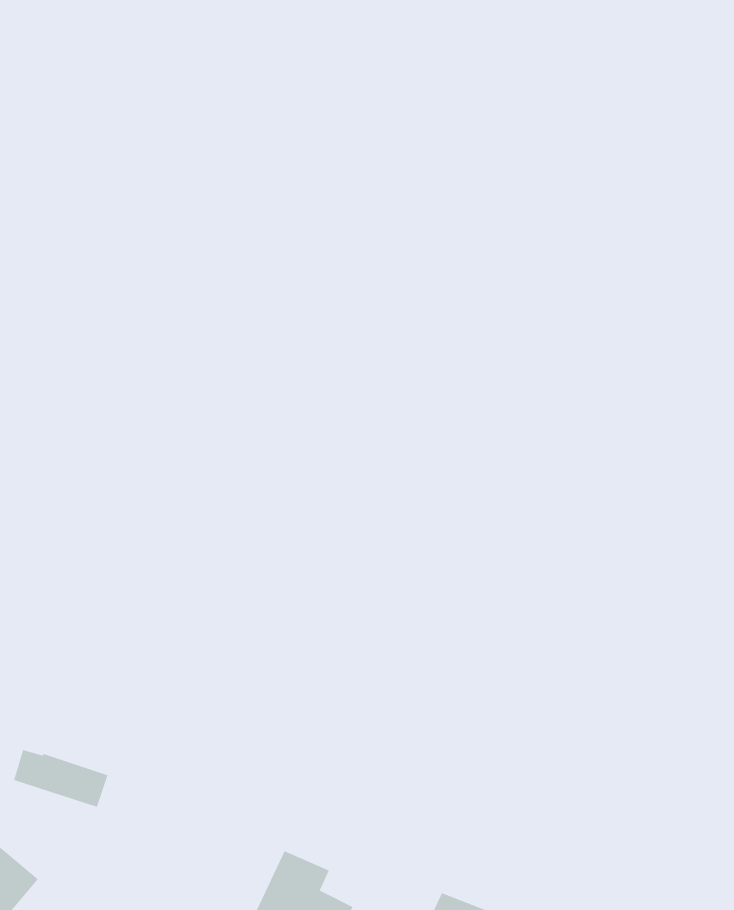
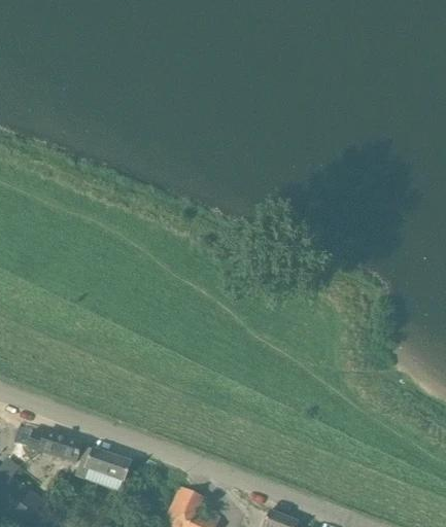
building: none -> [83,450,131,484]

